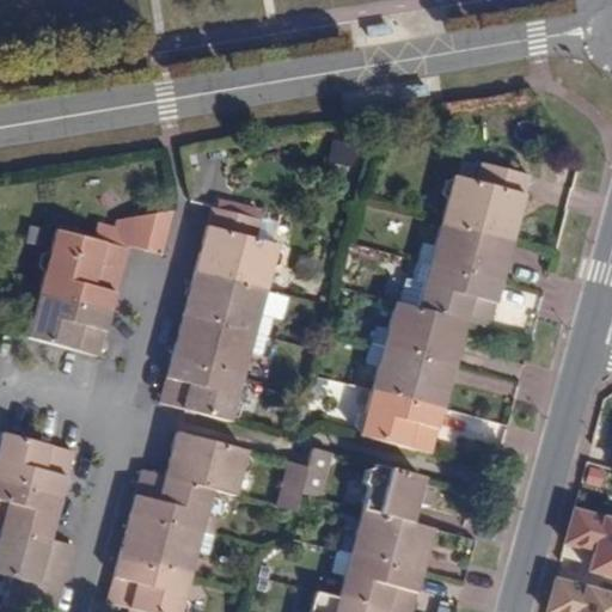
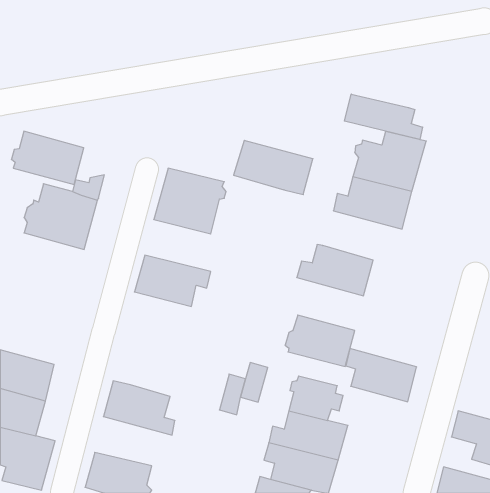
building: none -> [344,94,423,140]
building: [127,209,175,253] -> none
building: [404,261,502,328] -> [234,140,313,195]
building: [184,271,270,336] -> none
building: [19,288,109,354] -> [11,131,84,184]
building: [367,343,454,409] -> [346,349,417,402]
building: [160,361,241,423] -> none
building: [166,433,251,495] -> none
building: [122,515,218,576] -> none

